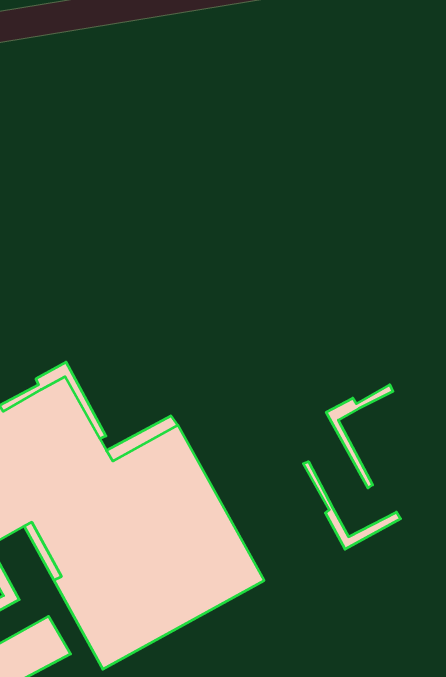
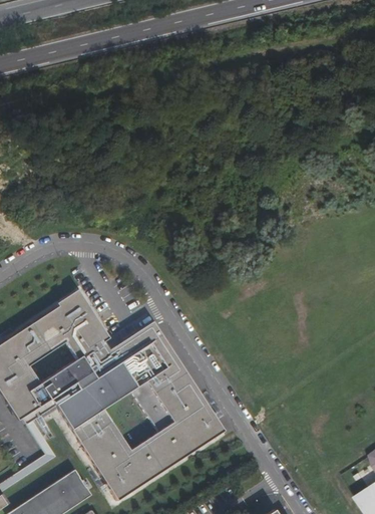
building: [326,385,393,488] -> none
building: [303,462,401,549] -> none

